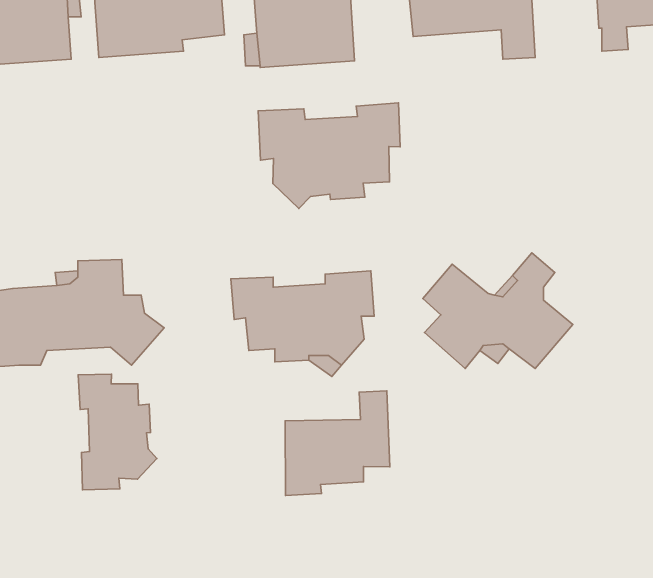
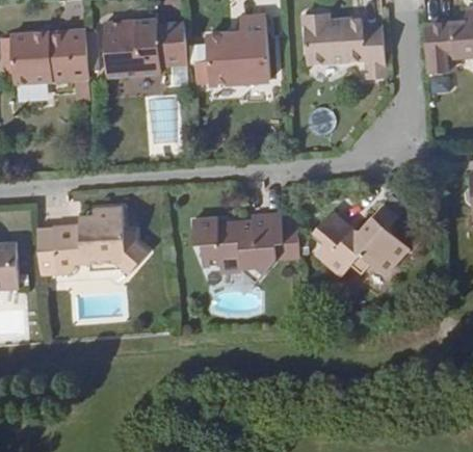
building: [258,103,400,209] -> none
building: [78,374,157,490] -> none
building: [285,391,390,496] -> none

